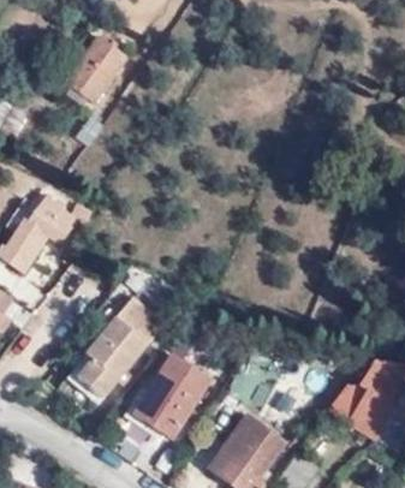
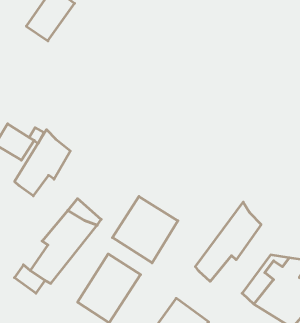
building: none -> [15,130,70,196]
building: none -> [112,196,178,263]
building: none -> [195,202,261,281]

